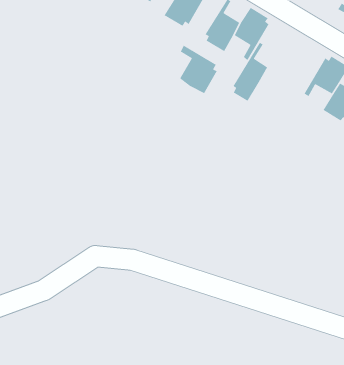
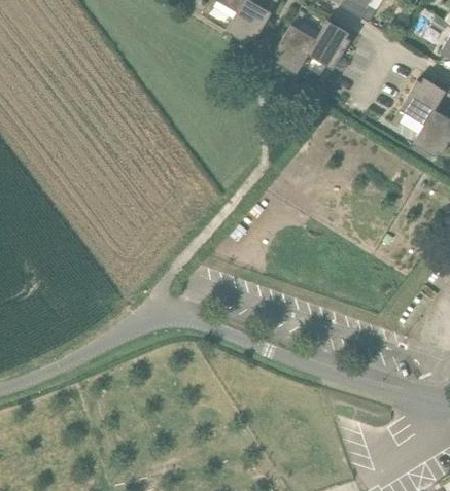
building: [233,42,268,102] -> none
building: [179,45,218,94] -> none

